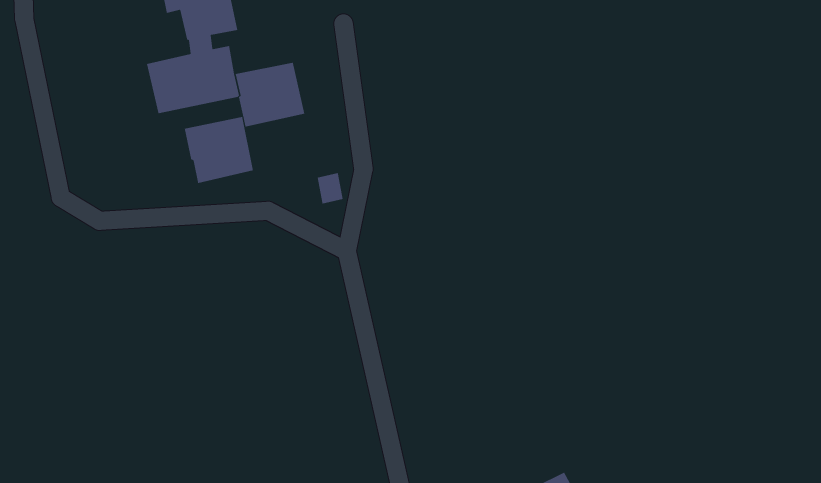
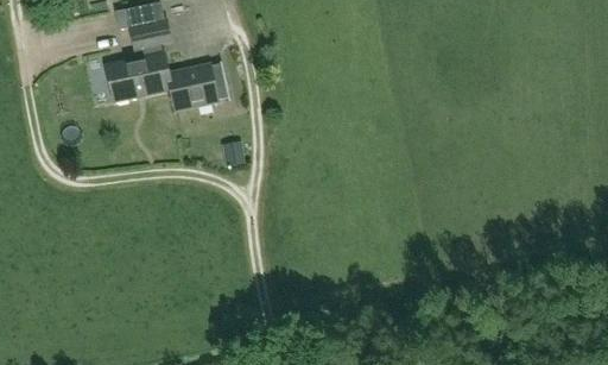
building: [184,116,254,184] -> none

